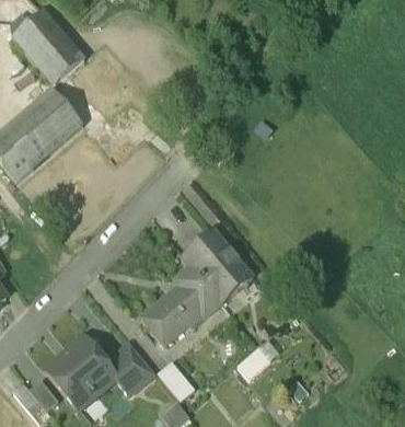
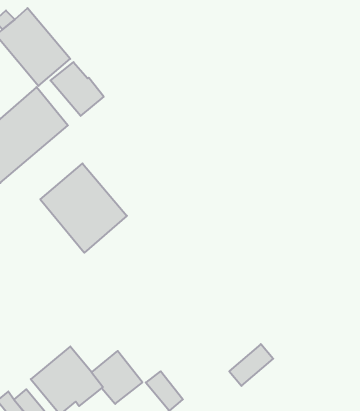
building: none -> [50,62,104,116]
building: none -> [40,163,127,253]
building: [141,230,253,345] -> none

